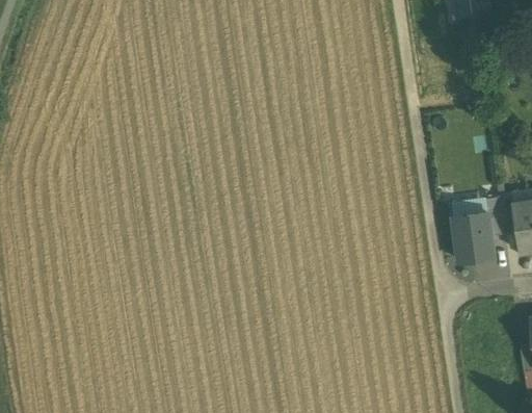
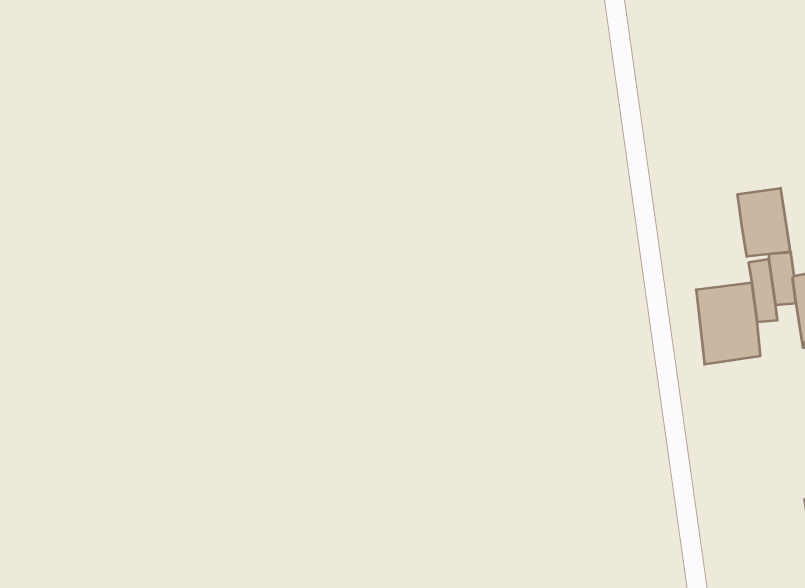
building: none -> [738,188,790,257]

